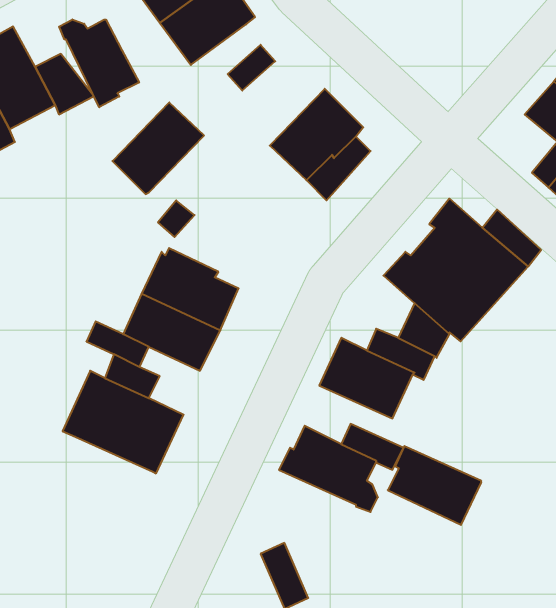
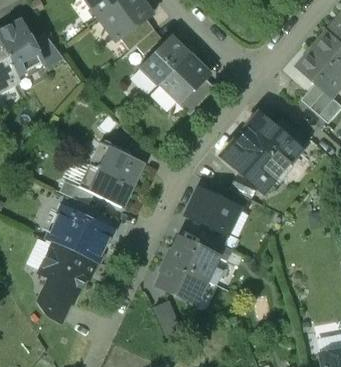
building: [59,19,139,107] -> none
building: none -> [120,18,154,50]
building: [112,102,204,194] -> [139,35,189,85]
building: none -> [39,243,95,321]
building: [388,446,481,525] -> [155,261,206,304]

